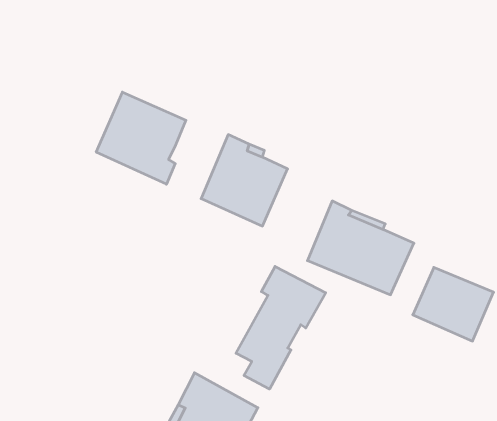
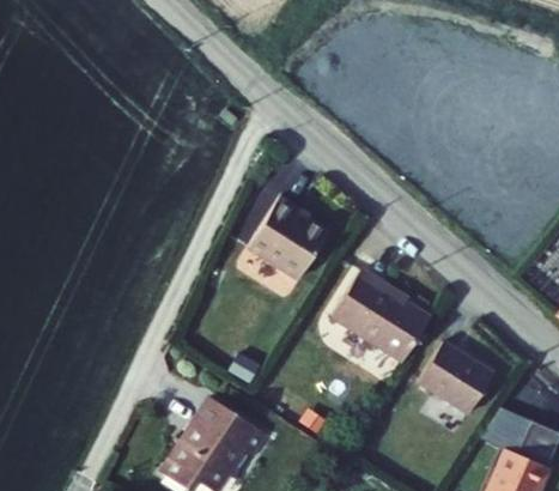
building: [96,92,186,184] -> none
building: [236,266,326,389] -> none

